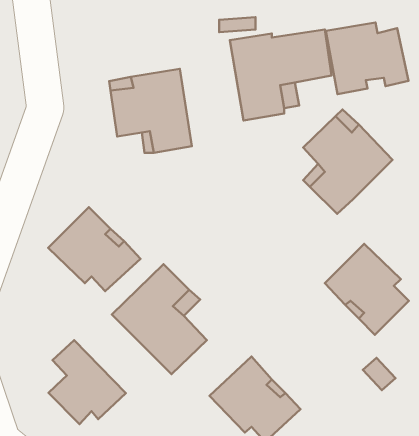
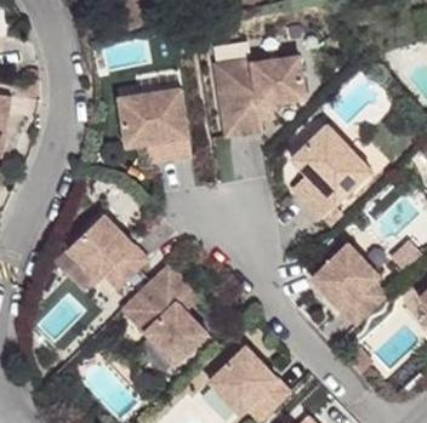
building: [326,23,409,94] -> none
building: [49,340,126,424] -> none

